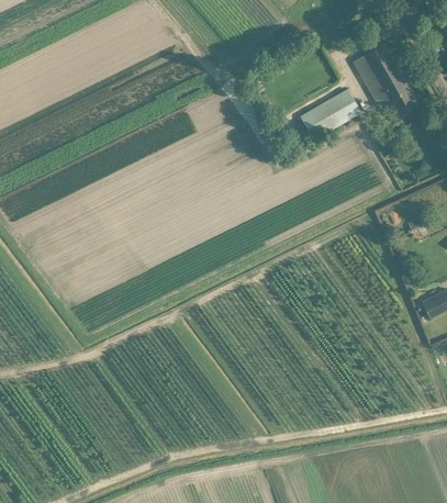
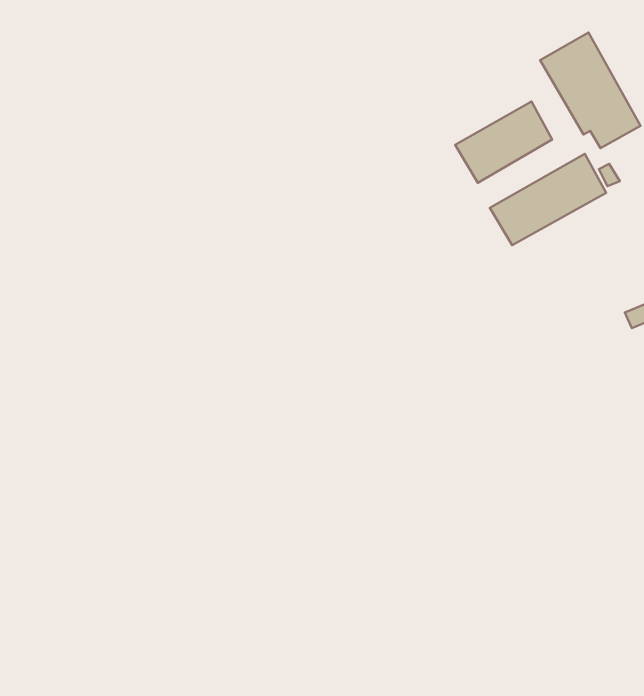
building: none -> [490,154,606,245]

